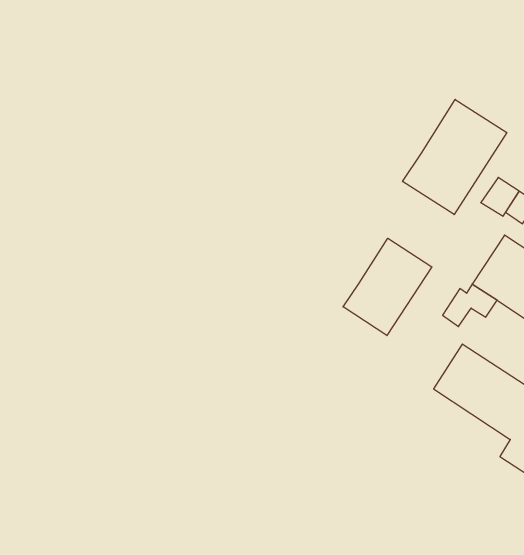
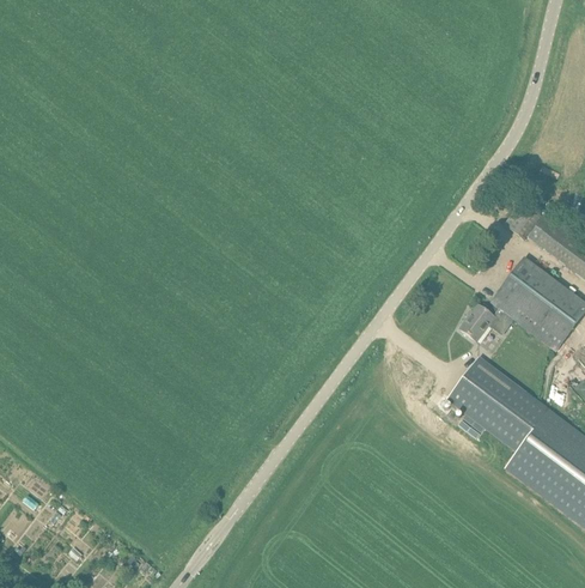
building: [403,99,507,215] -> none
building: [343,238,432,336] -> none

